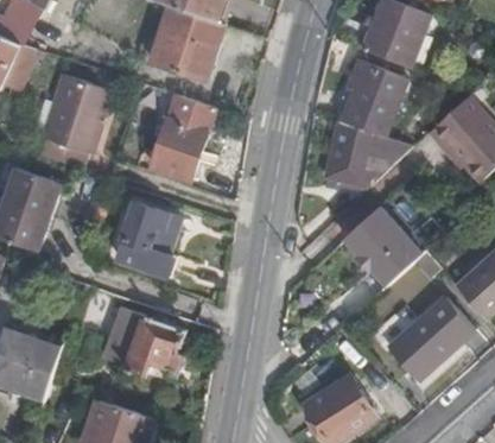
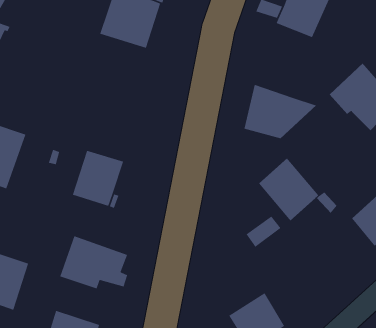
building: [335,59,405,138] -> none
building: [37,75,110,170] -> none
building: [151,94,215,179] -> none
building: [392,299,476,381] -> none

